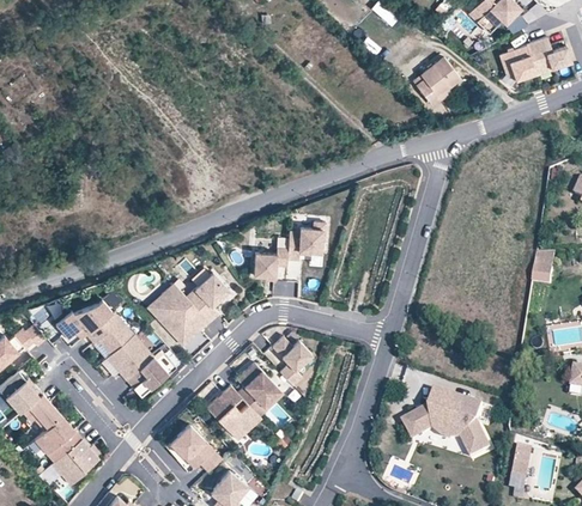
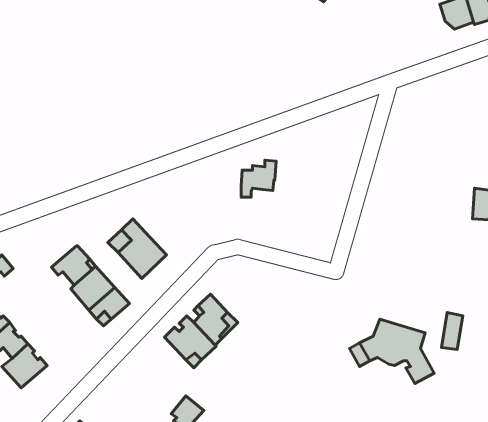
building: [412,57,461,108] -> none
building: [254,249,287,279] -> none
building: [186,273,229,322] -> none
building: [55,300,113,341] -> none
building: [272,337,311,386] -> none
building: [177,426,222,473] -> none
building: [51,439,98,487] -> none
building: [511,444,534,483] -> [442,312,463,350]

